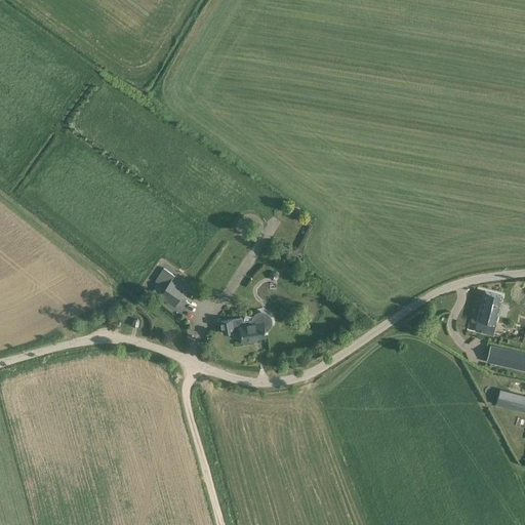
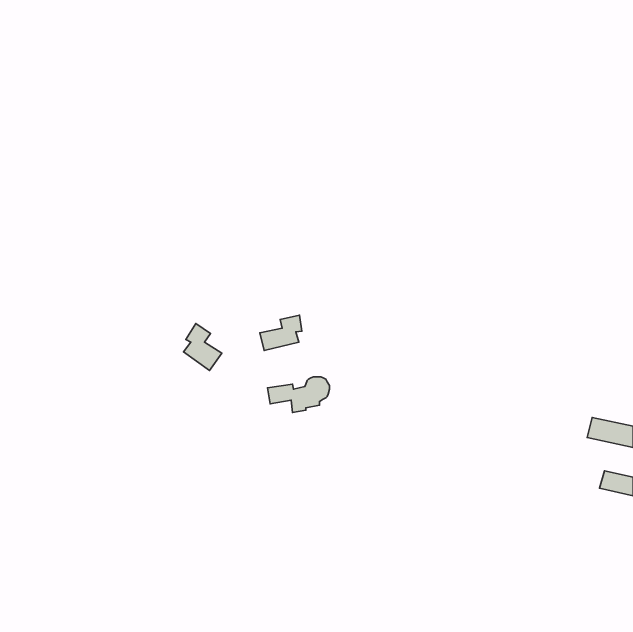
building: none -> [260,315,302,351]
building: [476,293,502,336] -> none

